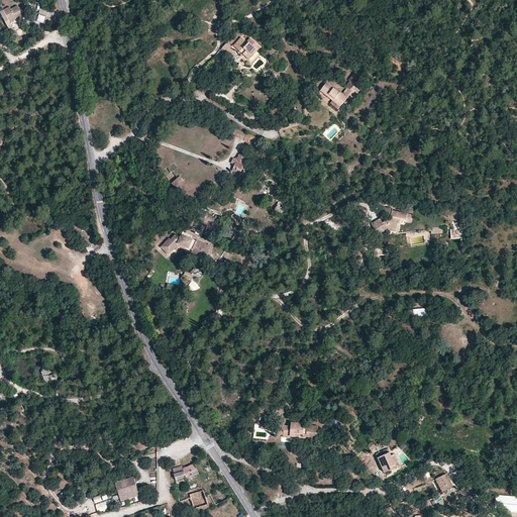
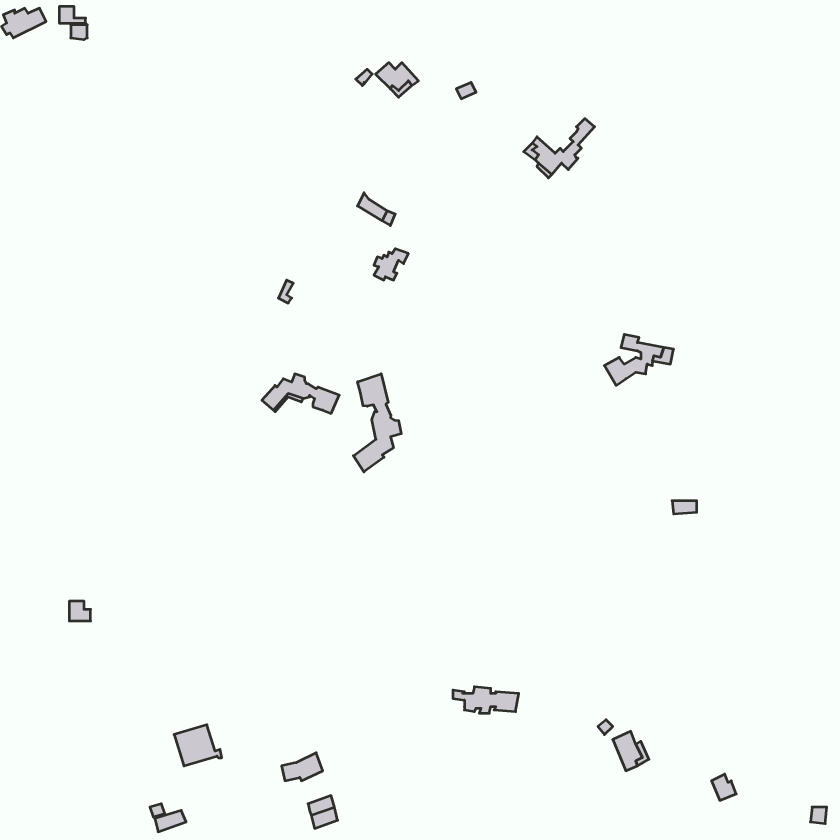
building: none -> [353,374,401,472]
building: [113,476,142,501] -> [174,725,222,766]

